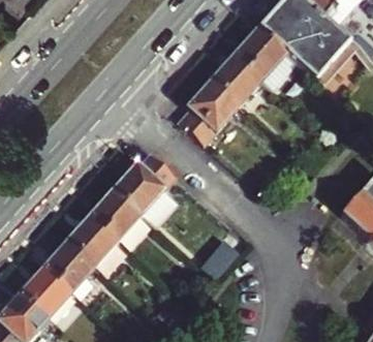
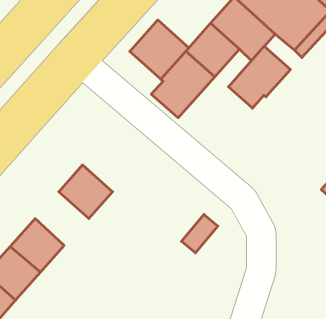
building: none -> [130,20,189,79]
building: none -> [228,46,290,108]
building: [112,153,175,215] -> none
building: [66,215,118,267] -> none

